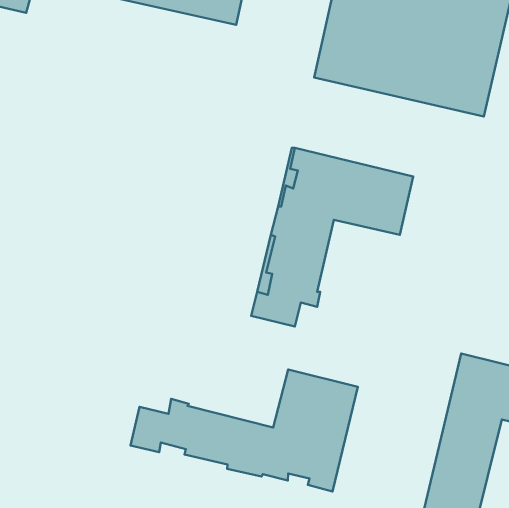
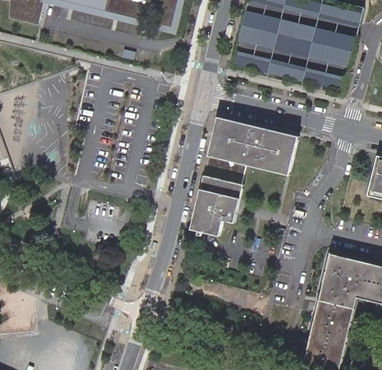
building: [130,369,358,491] -> none

